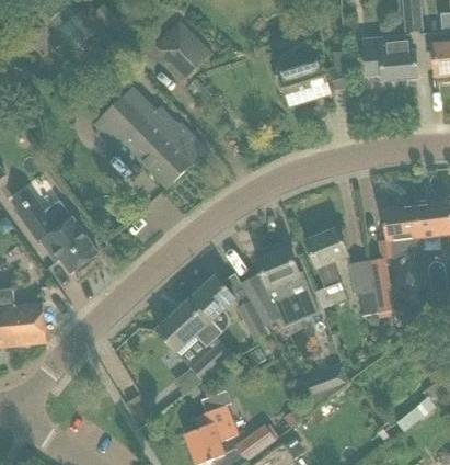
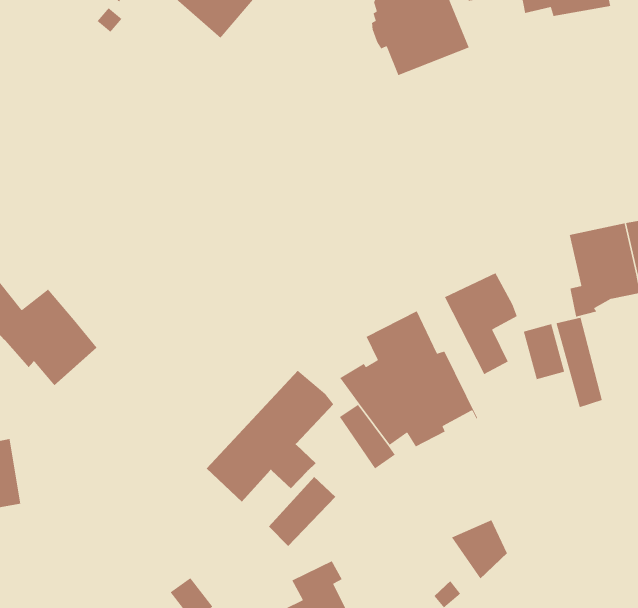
building: [94,86,204,186] -> none

